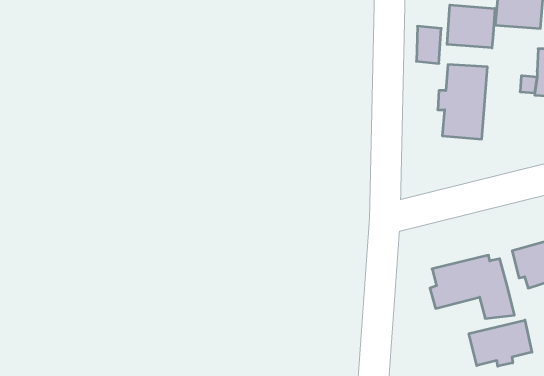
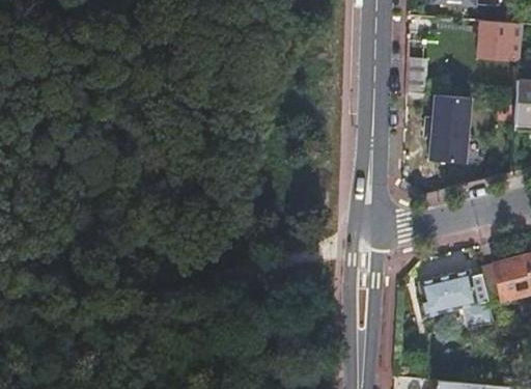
building: [447,5,495,48] -> none
building: [469,320,532,366] -> none

